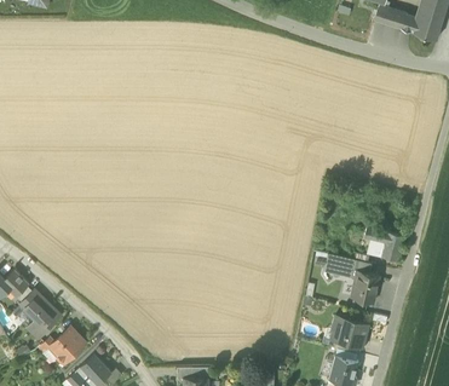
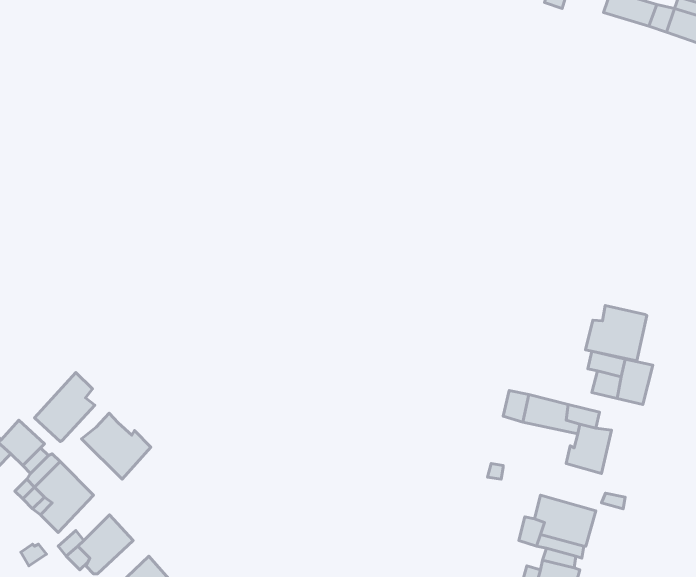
building: none -> [586,305,647,361]
building: none -> [34,372,95,442]
building: none -> [82,413,151,479]

